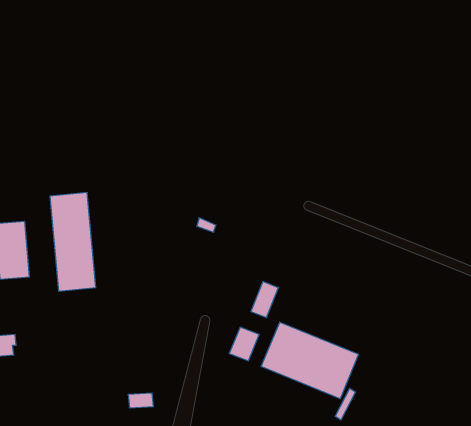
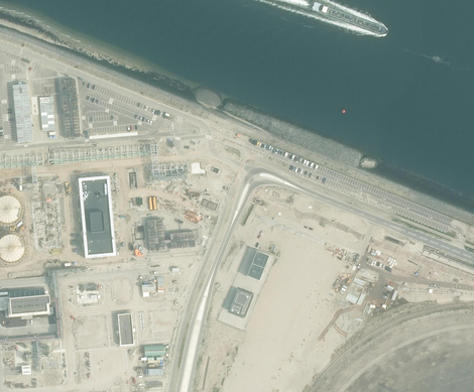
building: [261,322,358,399] -> none
building: none -> [116,312,133,345]

